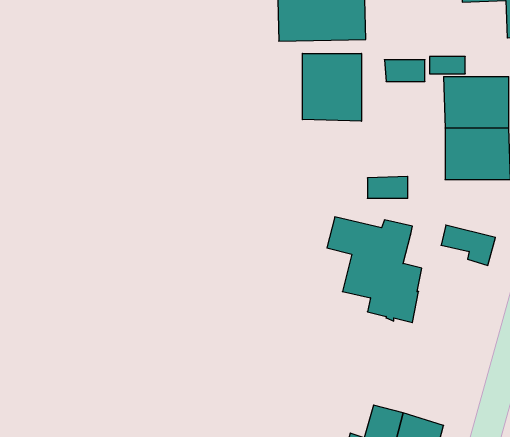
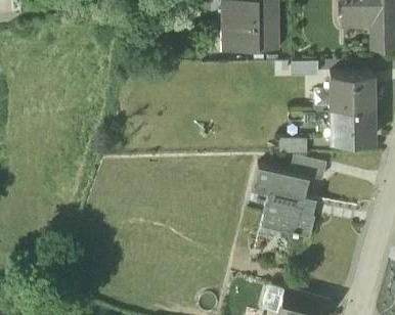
building: [302,53,361,121] -> none
building: [441,225,495,265] -> [291,154,326,181]

